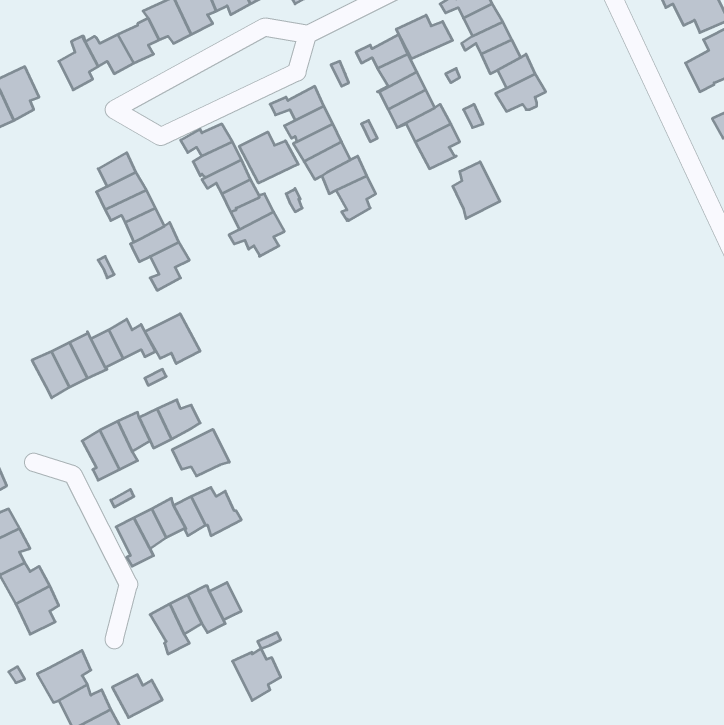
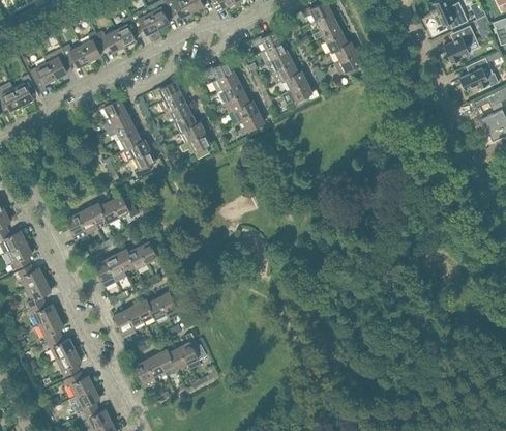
building: [396,15,453,59] -> none
building: none -> [61,45,89,68]
building: [239,132,298,183] -> none
building: [453,162,500,219] -> none
building: [145,314,200,364] -> none
building: [172,429,229,476] -> none
building: [232,649,281,701] -> [178,340,206,370]
building: [112,675,162,718] -> [65,372,94,397]

